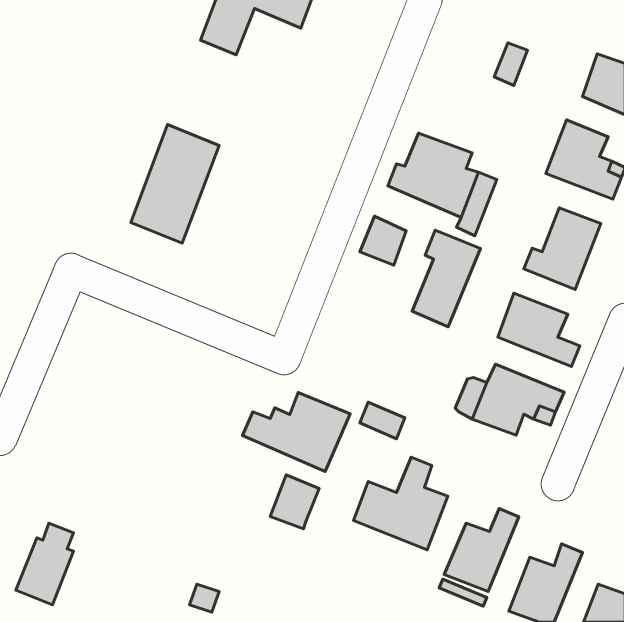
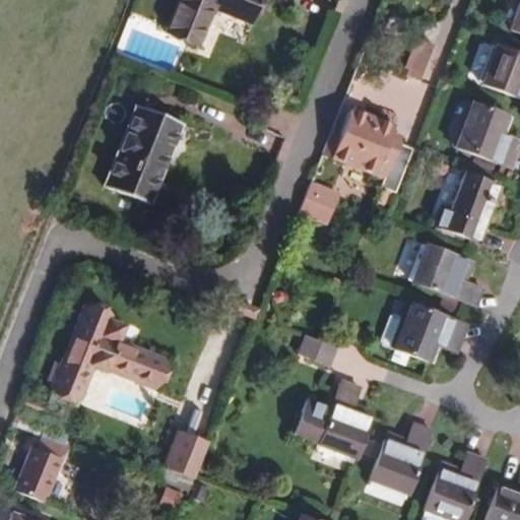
building: [412,230,481,327] -> none
building: none -> [55,308,166,397]
building: [243,393,350,472] -> none
building: [270,475,319,529] -> [167,435,207,479]

